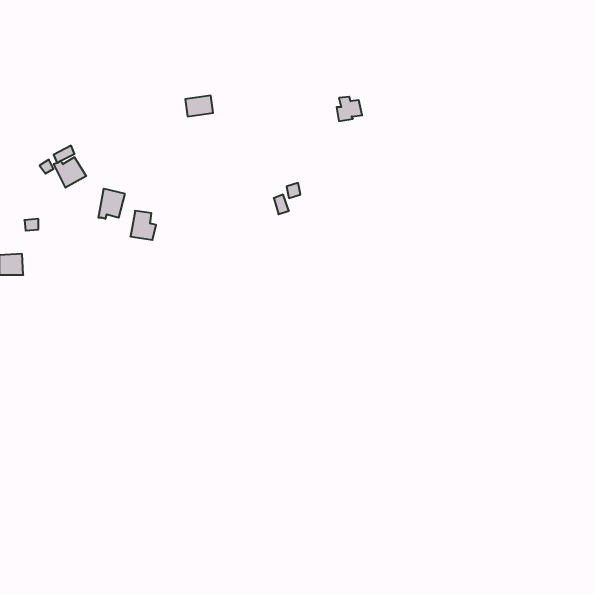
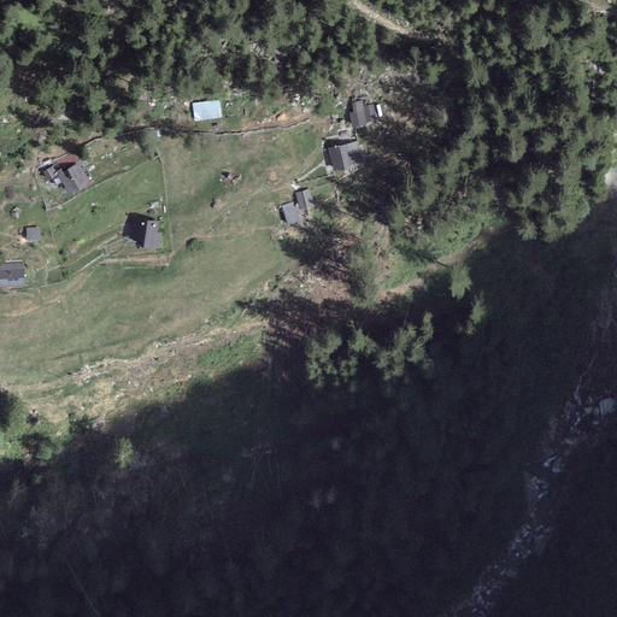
building: none -> [328,142,362,169]
building: [98,189,125,219] -> none

